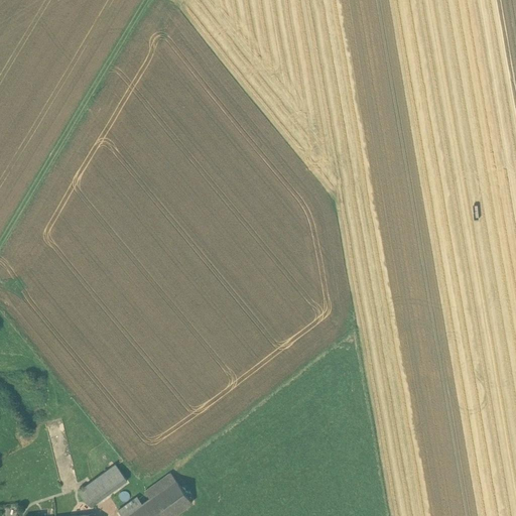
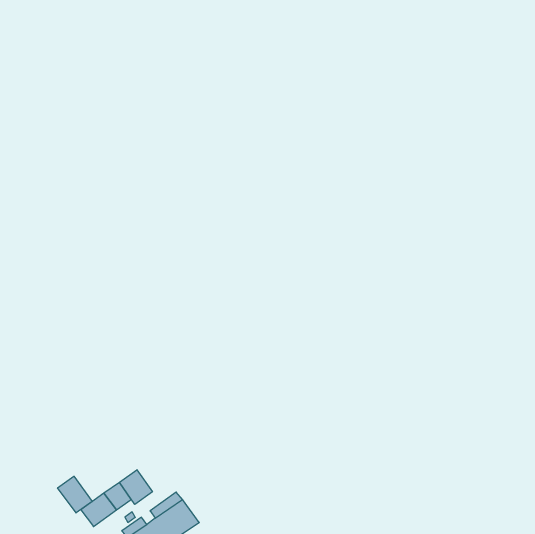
building: none -> [119,470,152,504]
building: none -> [58,476,92,513]

